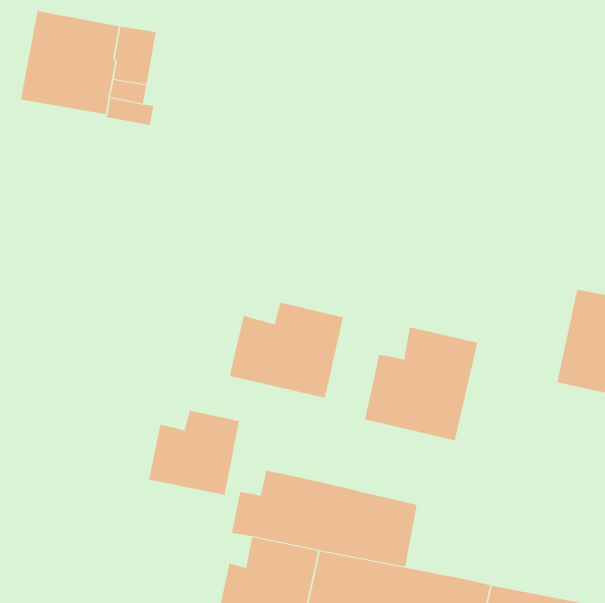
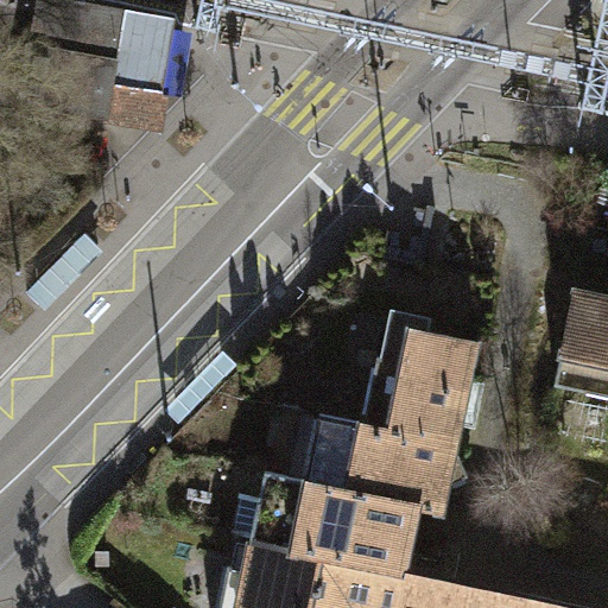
building: [229,302,343,399] -> none
building: [149,410,240,495] -> none
building: none -> [308,413,470,514]

